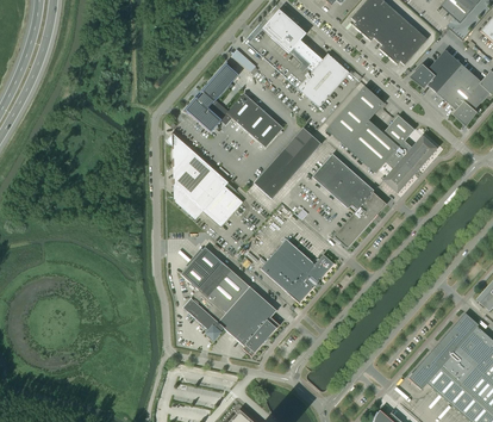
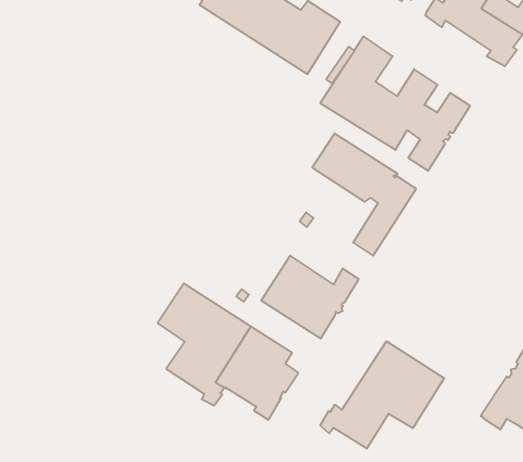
building: [182,60,282,147] -> none
building: [254,126,320,198] -> none
building: [166,131,242,226] -> none
building: none -> [320,341,444,449]

